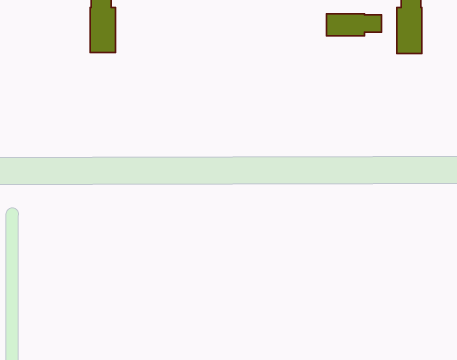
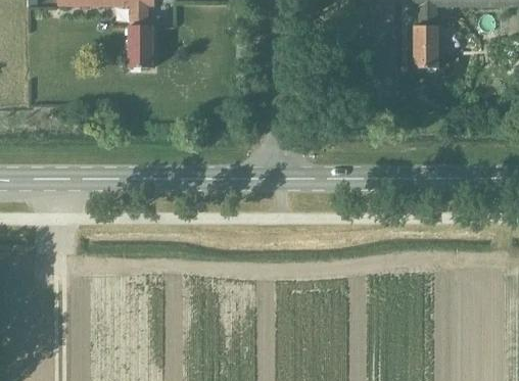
building: [326,14,382,36] -> none

